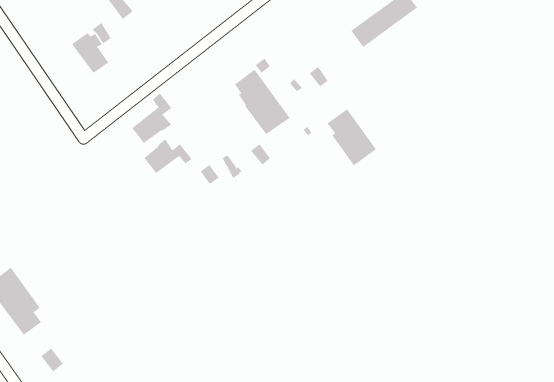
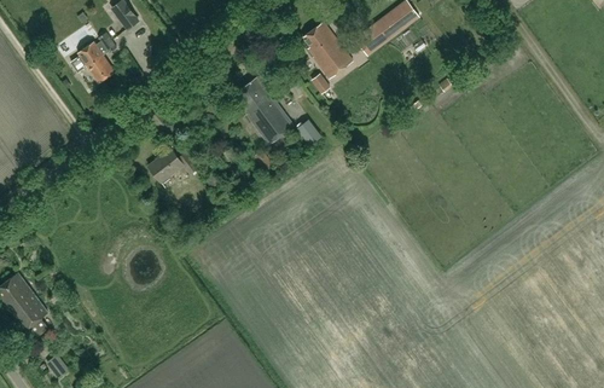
building: [132,93,172,144] -> none
building: [327,109,377,166] -> [302,22,352,79]

